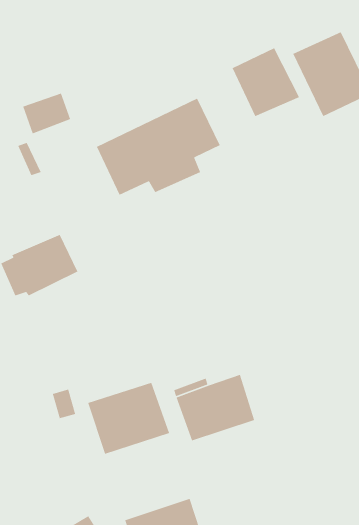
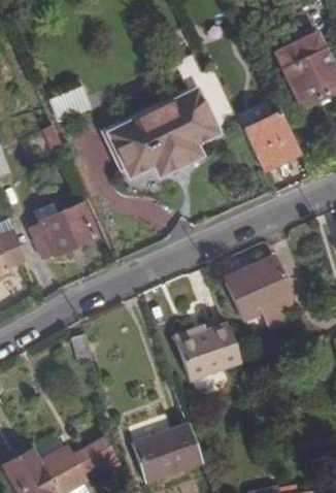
building: [232,47,300,117] -> [242,110,300,169]
building: none -> [231,260,296,327]
building: [87,382,170,455] -> none

